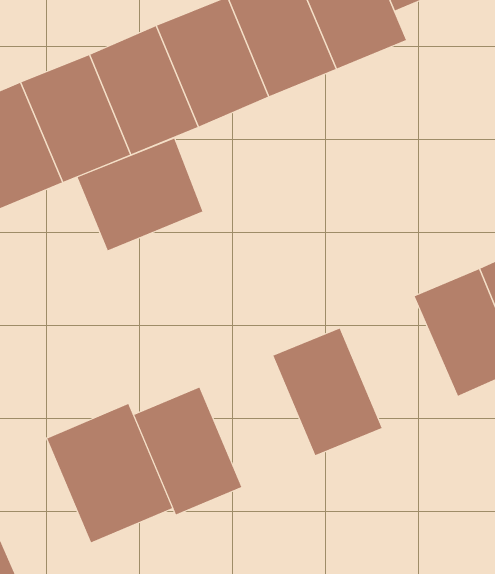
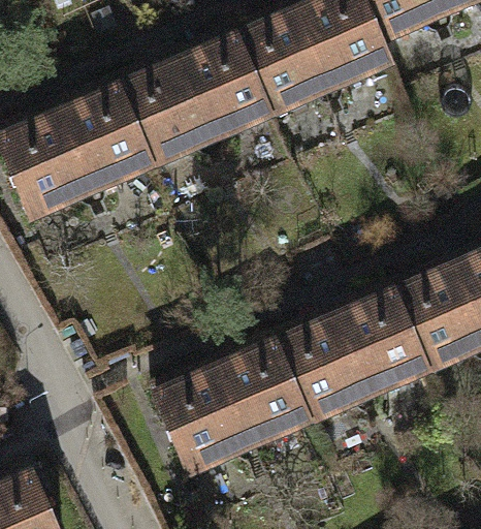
building: [77,138,203,251] -> none
building: none -> [329,286,429,399]
building: none -> [210,337,308,449]
building: [46,403,173,543] -> none

